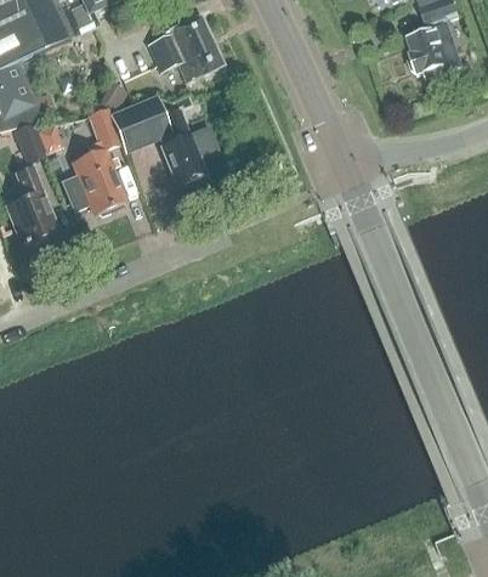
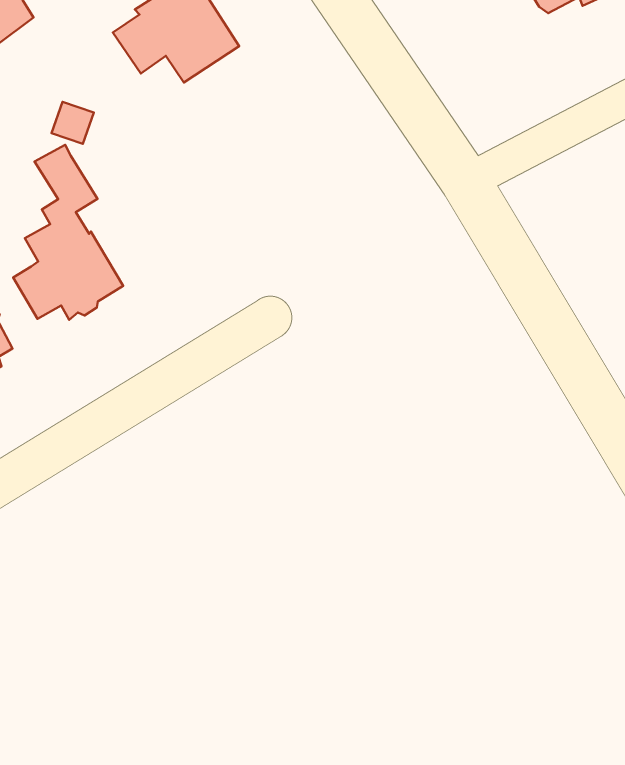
building: [109,94,163,146] -> none
building: [161,107,214,182] -> none

